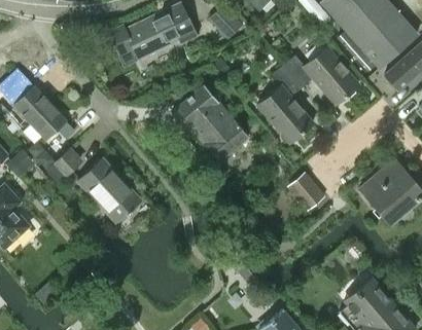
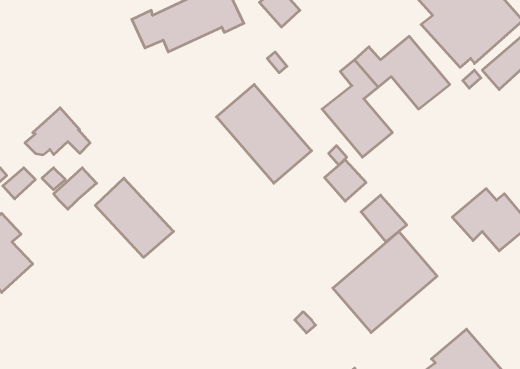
building: [10,71,51,122] -> none
building: none -> [325,160,366,201]
building: none -> [333,231,437,333]

